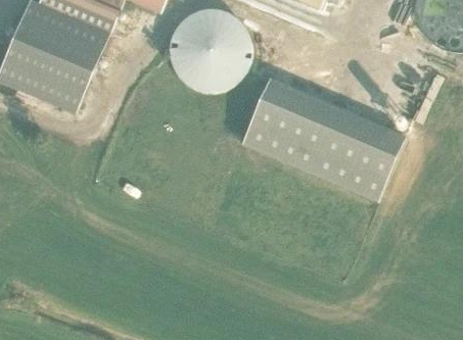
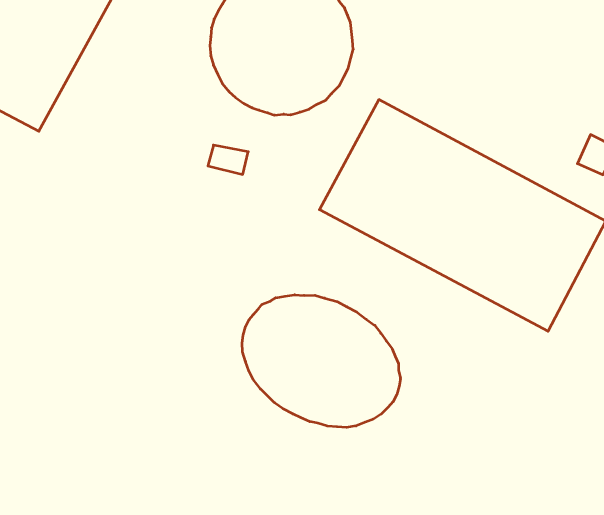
building: none -> [242,295,400,427]

